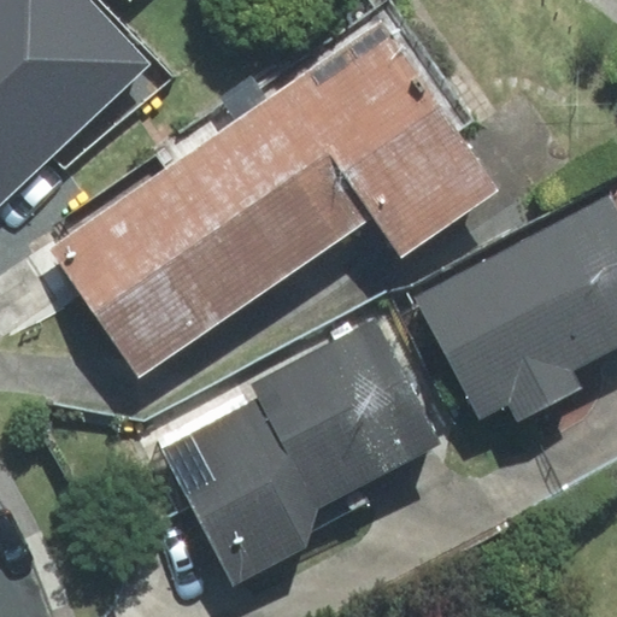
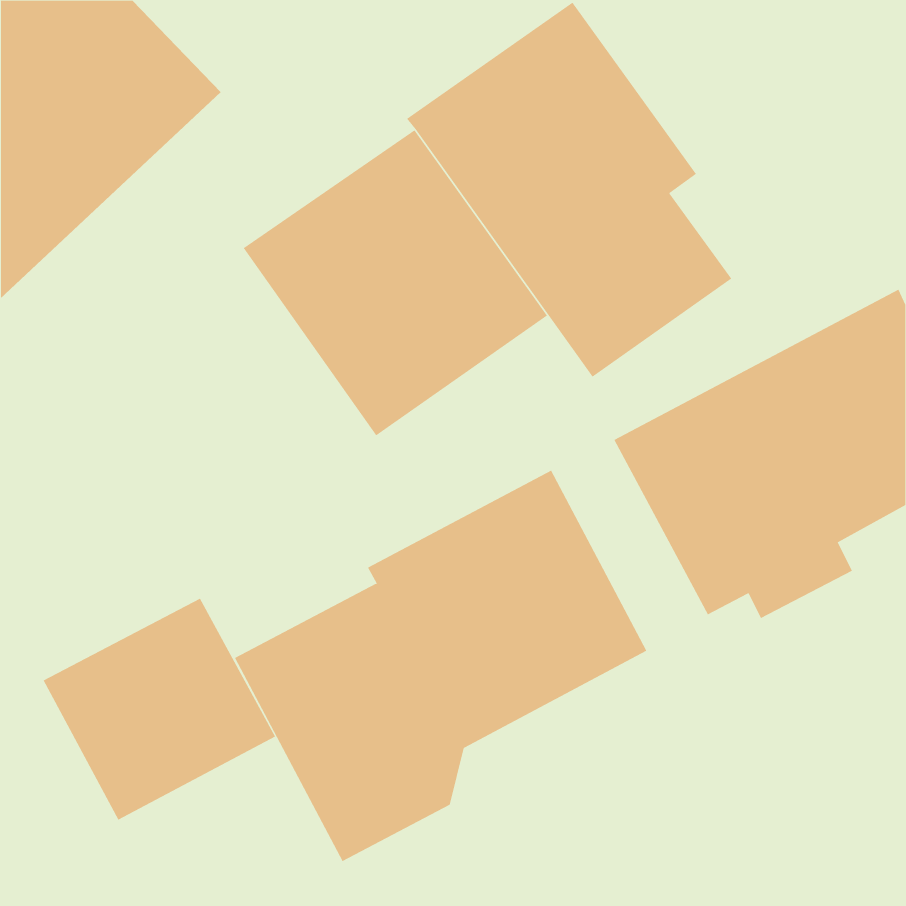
building: [51,169,255,376] -> none
building: none -> [43,598,276,821]

